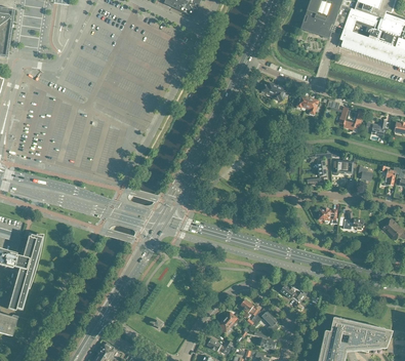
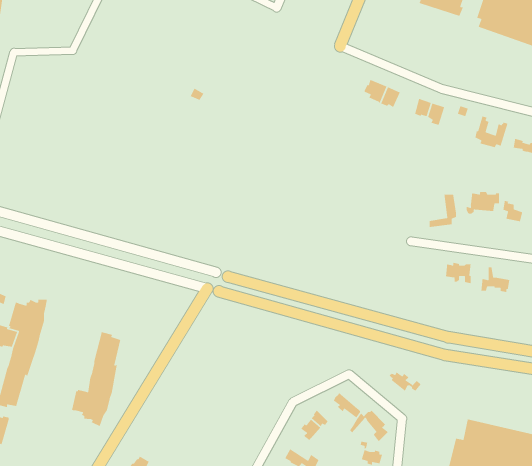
building: none -> [71,331,121,427]

